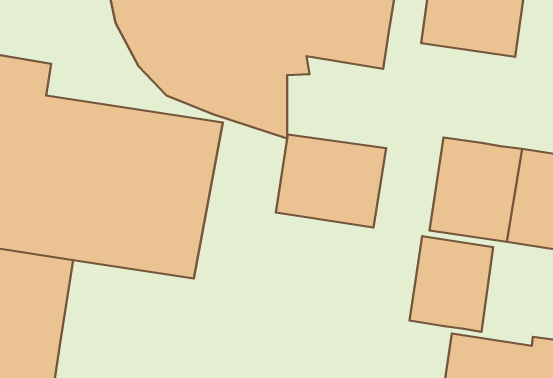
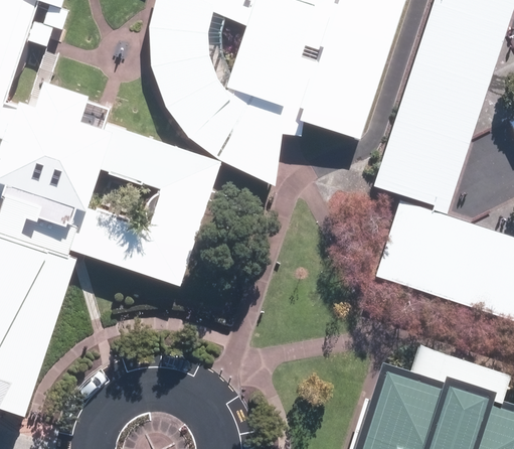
building: none -> [375,122,470,215]
building: [276,135,386,227] -> none
building: [409,236,493,332] -> none

